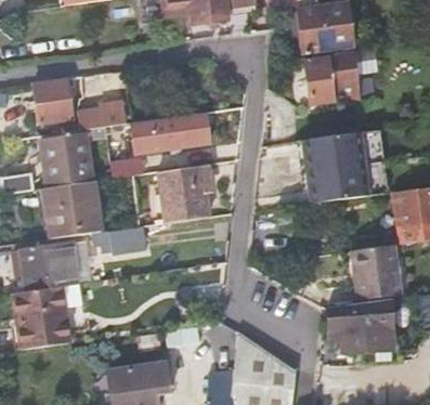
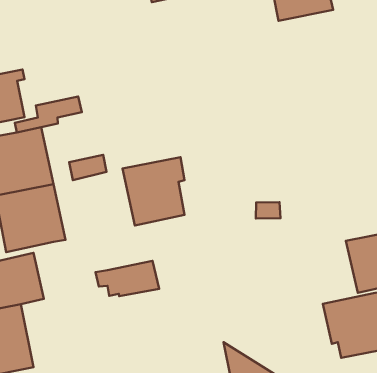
building: [305,50,357,106] -> none
building: [119,114,210,158] -> none
building: [304,132,366,201] -> none
building: [92,226,147,256] -> [95,261,159,296]

